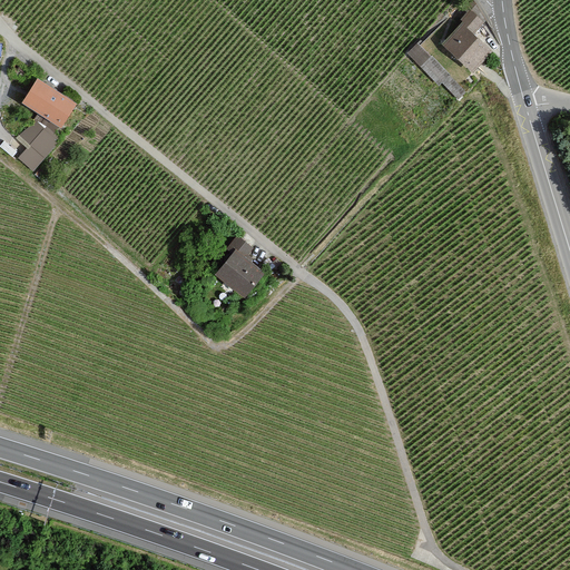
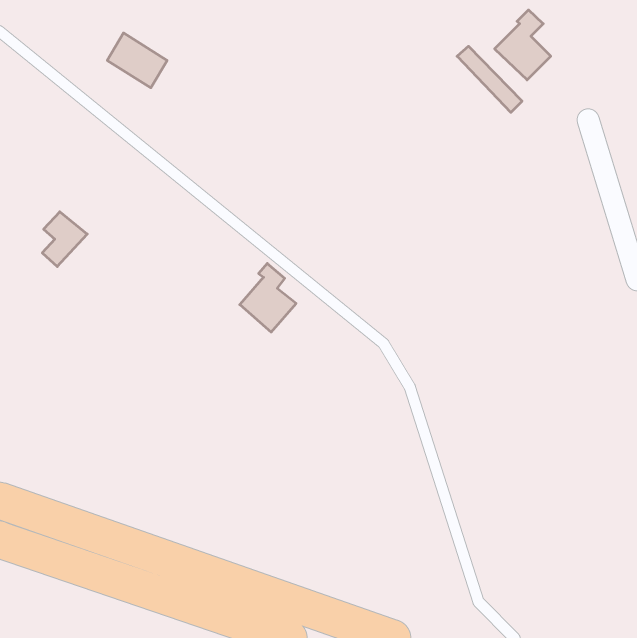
building: [19,77,72,126] -> [107,33,167,88]
building: [18,121,58,170] -> [42,212,87,267]

